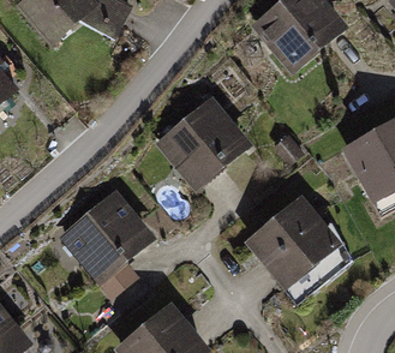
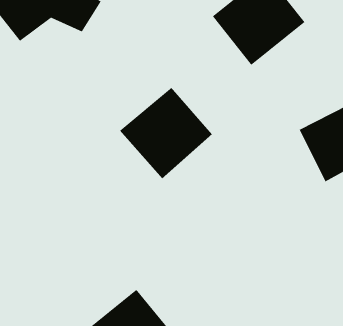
building: [241,186,343,292] -> none
building: [58,191,154,286] -> none

